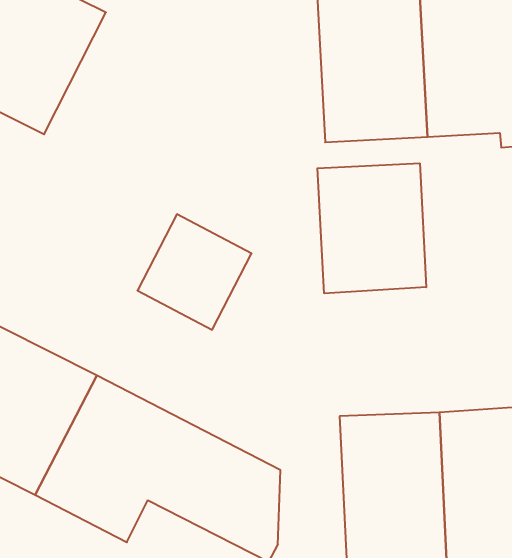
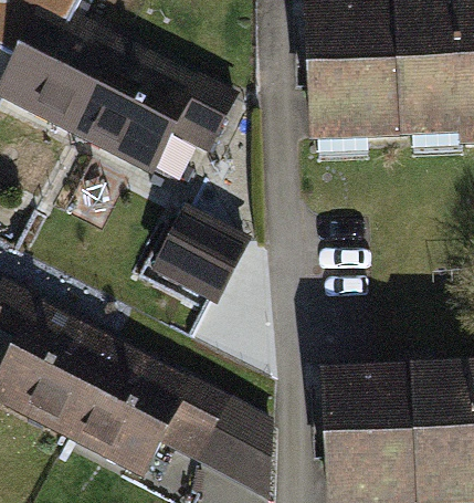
building: none -> [75,33,241,175]
building: [317,163,426,293] -> none

